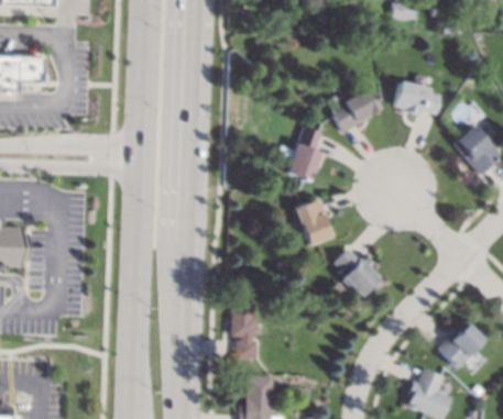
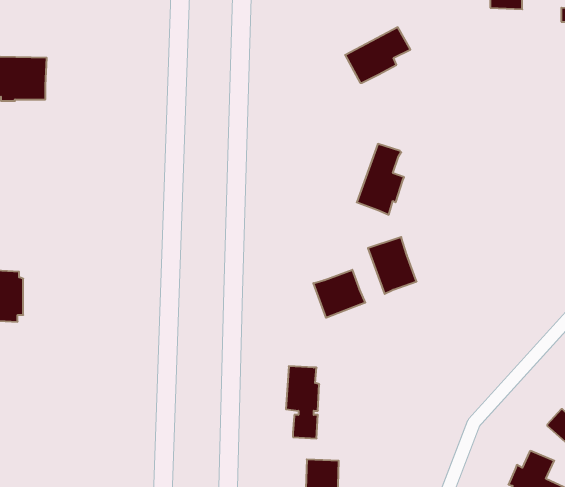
building: [394,80,441,114] -> none
building: [331,87,383,131] -> [345,27,410,83]
building: none -> [313,270,365,318]
building: [335,249,381,296] -> none

